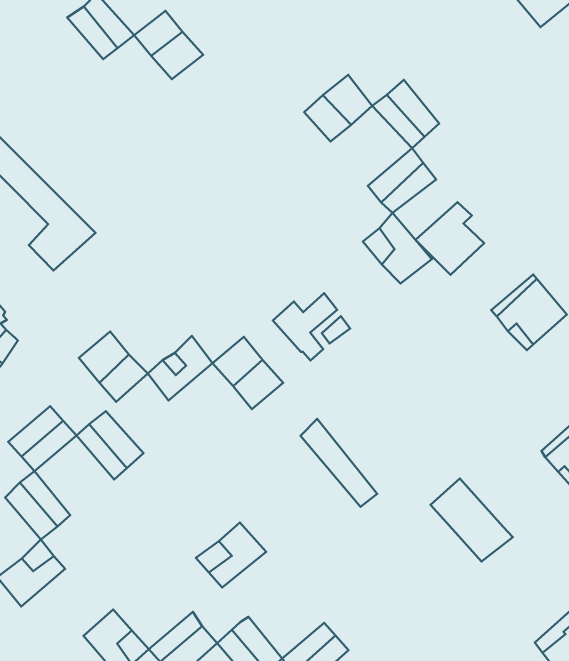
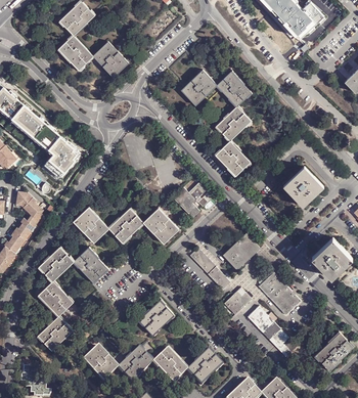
building: [415,202,484,275] -> none
building: none -> [223,234,259,269]
building: none -> [224,286,253,314]
building: none -> [247,306,296,357]

